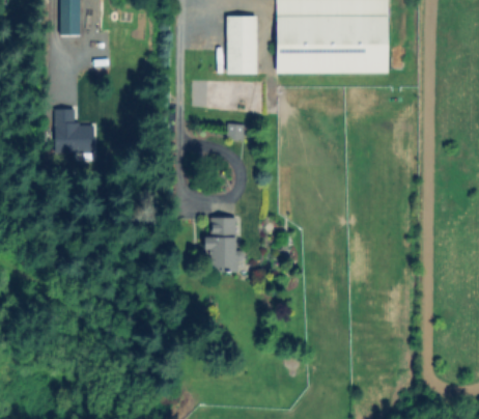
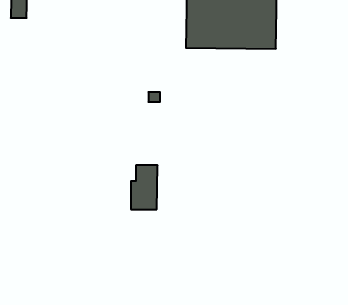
building: [229,19,258,73] -> none
building: [51,105,93,152] -> none

